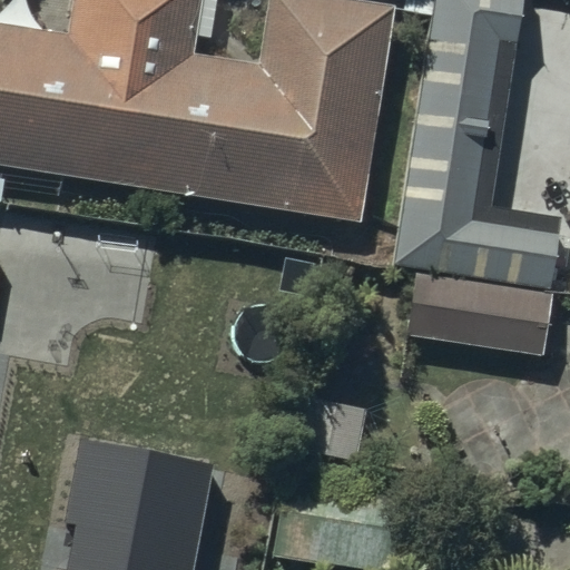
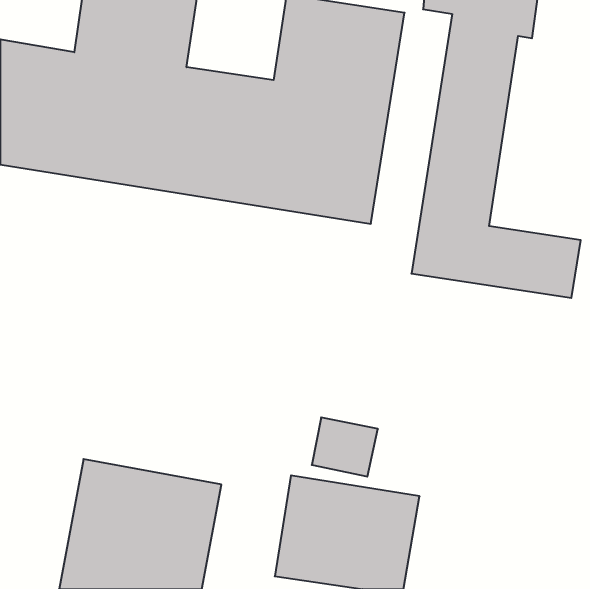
building: [407,279,556,362] -> none

